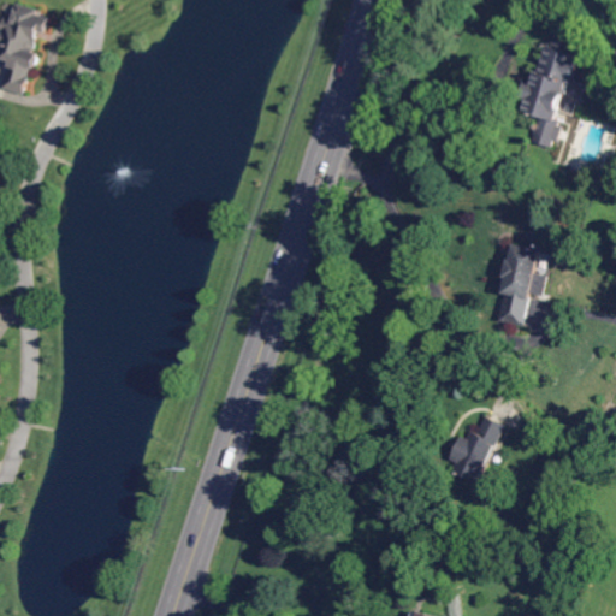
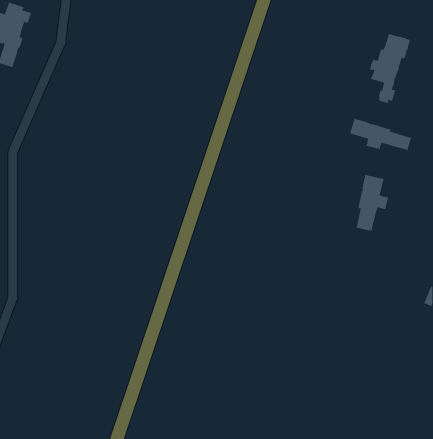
building: none -> [350,118,412,151]
building: [448,415,503,480] -> none

